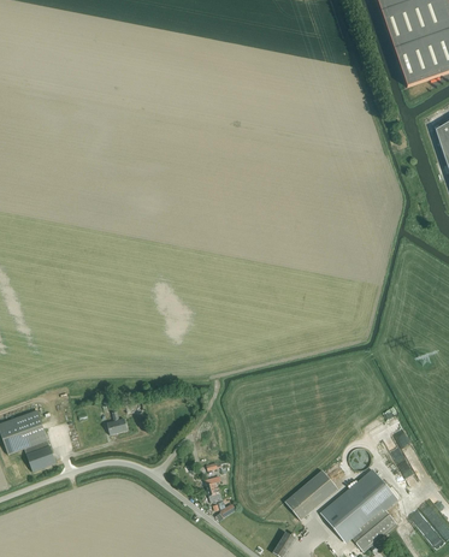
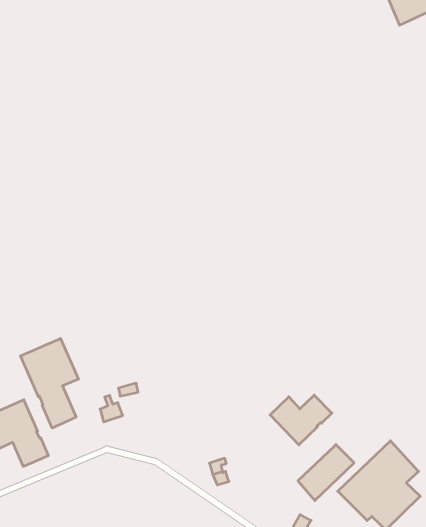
building: none -> [20,338,78,428]
building: none -> [270,395,332,445]

